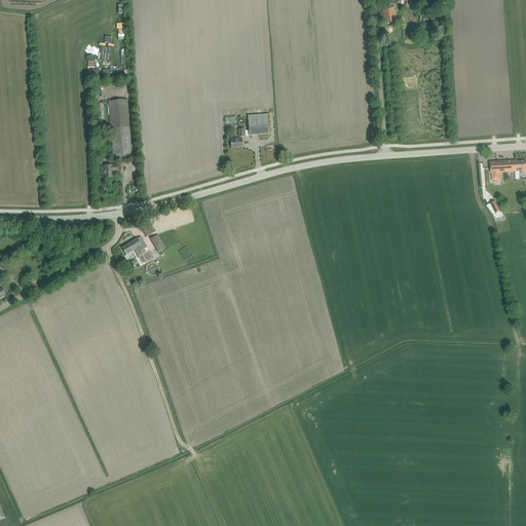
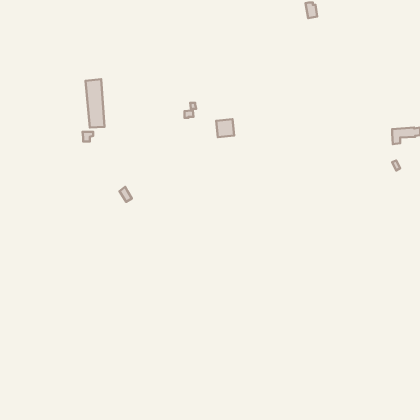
building: [247,113,269,136] -> [216,119,234,137]
building: [120,235,151,265] -> none

